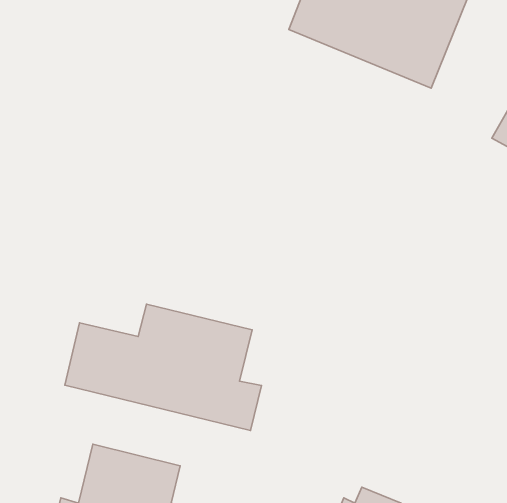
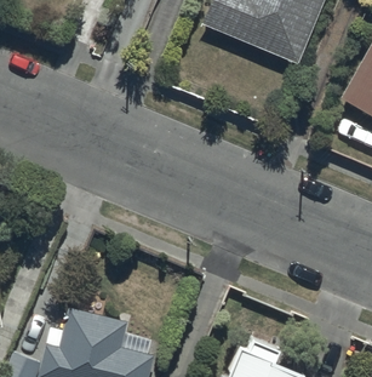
building: [65,304,262,431] -> none

